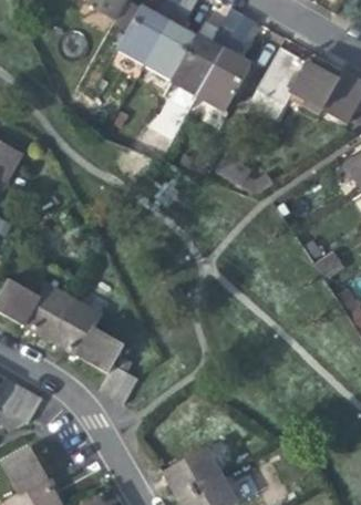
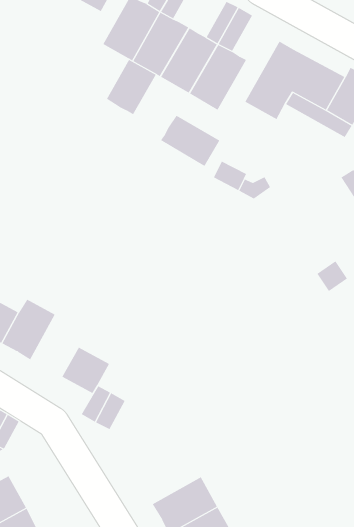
building: none -> [106,59,157,115]
building: none -> [160,115,220,167]
building: [51,298,103,355] -> none

